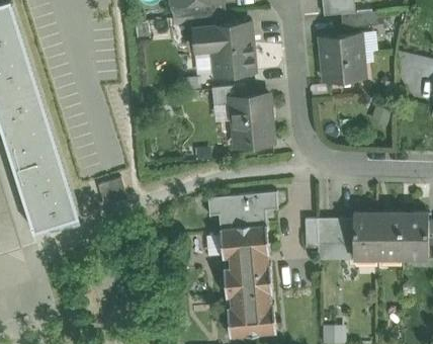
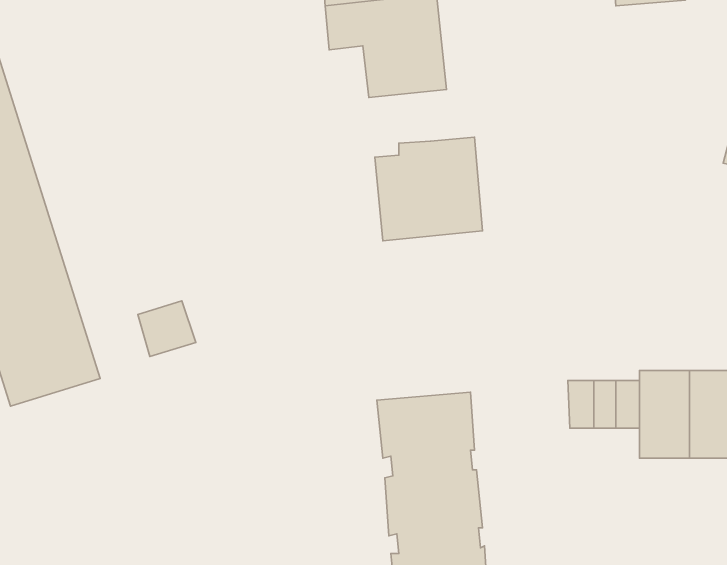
building: [320,34,362,84] -> none
building: [210,87,246,107] -> none
building: [206,193,277,231] -> none

